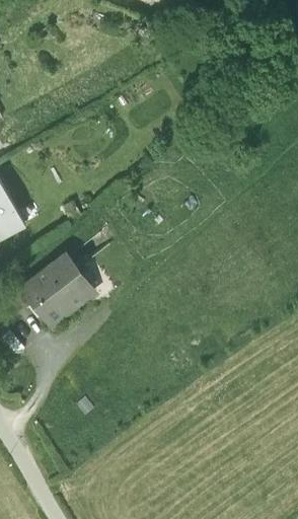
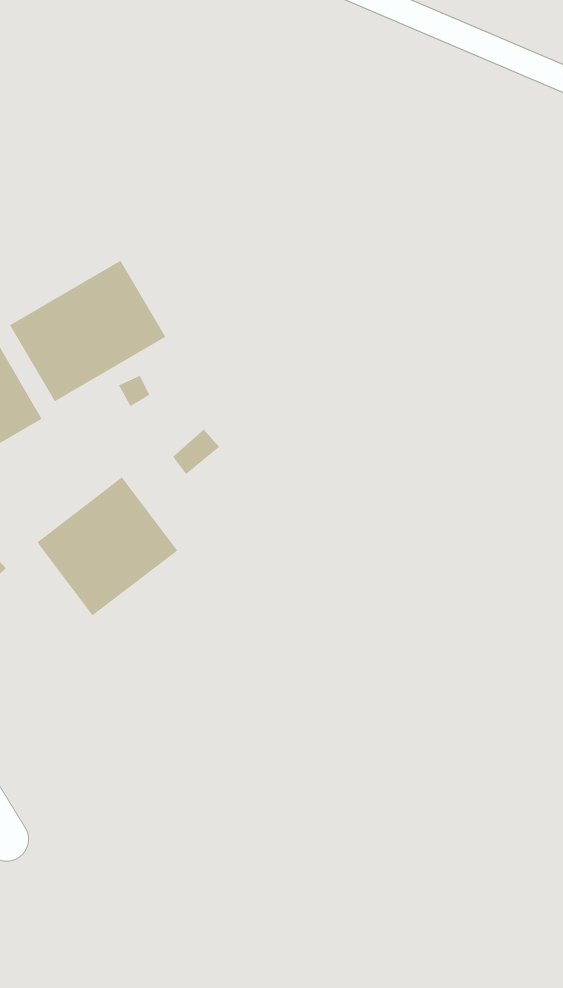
building: none -> [9,260,166,402]

